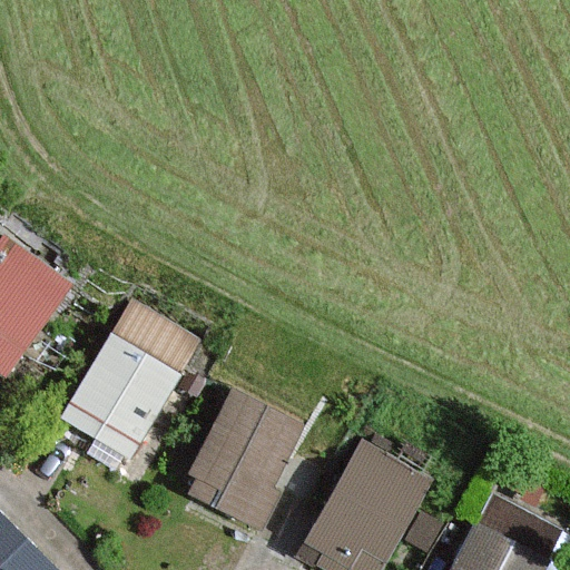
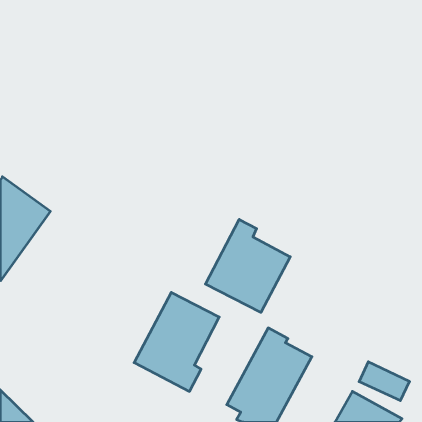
building: none -> [205,219,290,312]
building: [65,306,196,458] -> none

